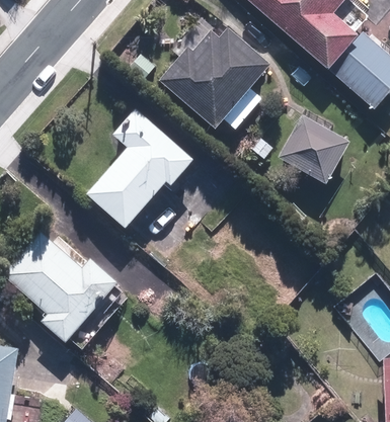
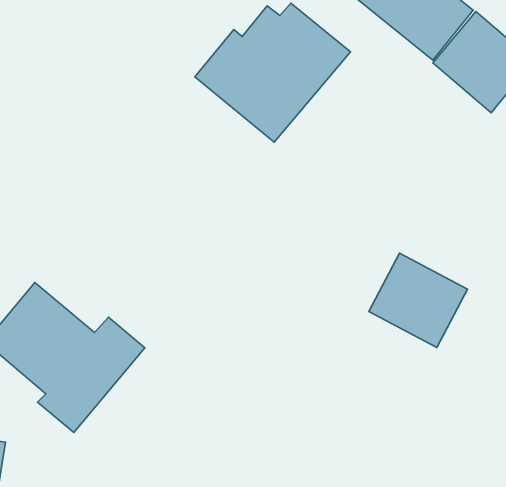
building: [86,107,194,227] -> none
building: [278,114,349,183] -> [369,253,468,348]

